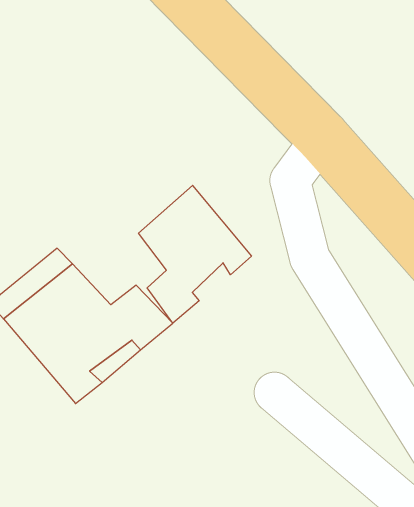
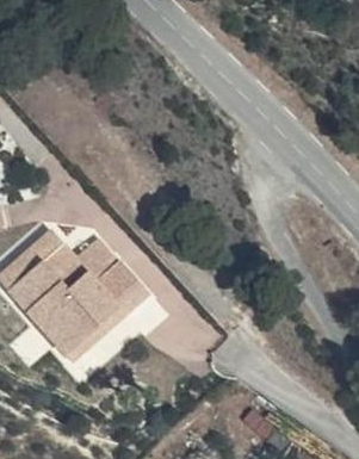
building: [139,185,251,323] -> none

